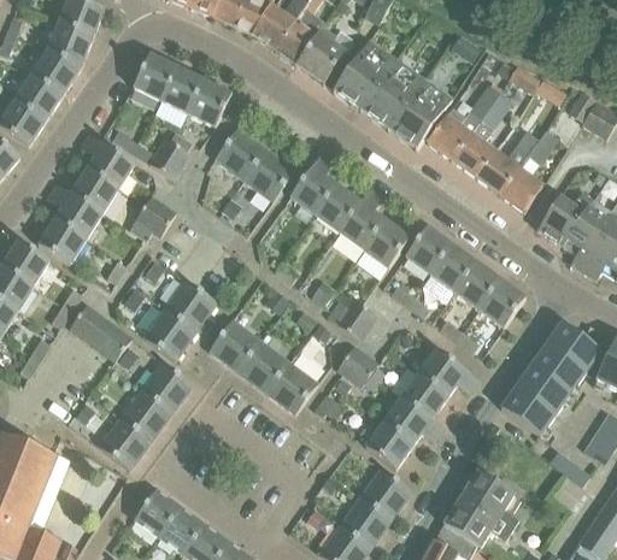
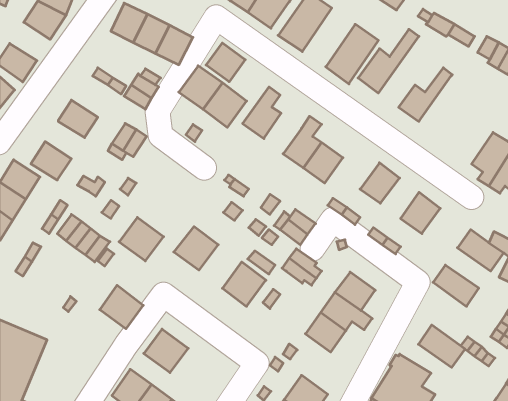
building: [362,59,424,129] -> none
building: [13,76,61,122] -> none
building: [452,93,511,177] -> none
building: none -> [206,43,245,82]
building: [500,130,558,212] -> none
building: [81,134,135,189] -> none
building: [48,184,102,238] -> none
building: [316,184,360,232] -> none
building: [537,191,593,244] -> none
building: [405,225,453,275] -> none
building: [454,261,500,310] -> none
building: [165,279,217,331] -> none
building: [239,341,289,393] -> none
building: [531,344,586,393] -> none
building: [418,348,481,395] -> none
building: [141,360,194,413] -> none
building: [501,385,557,436] -> [418,325,465,367]
building: [99,418,152,470] -> [144,329,188,373]
building: [360,467,412,519] -> none

